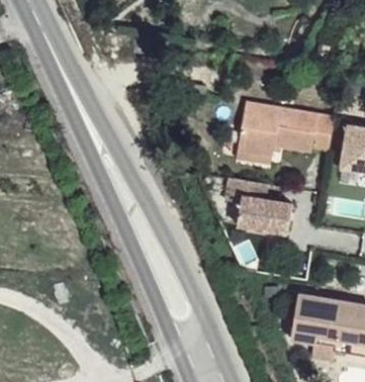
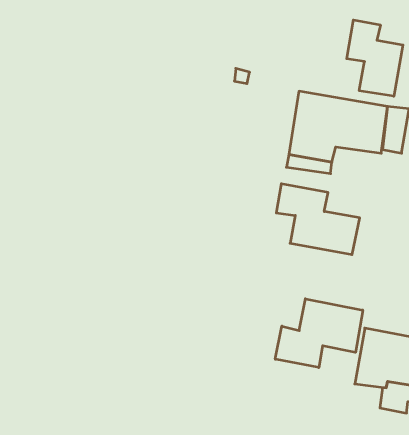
building: none -> [347,20,403,96]
building: none -> [275,299,363,368]

